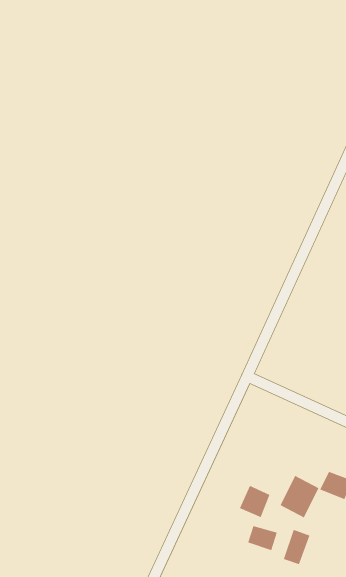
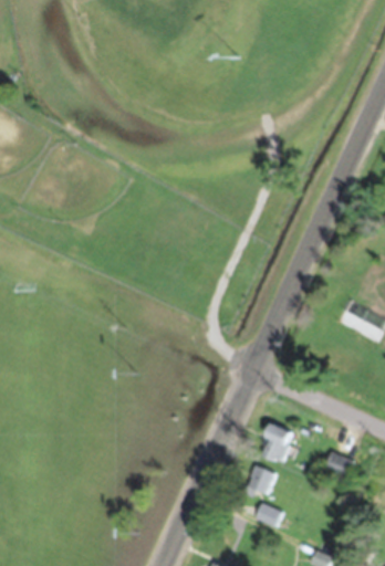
building: [280,475,320,519] -> [256,422,293,463]
building: [283,529,311,565] -> none

